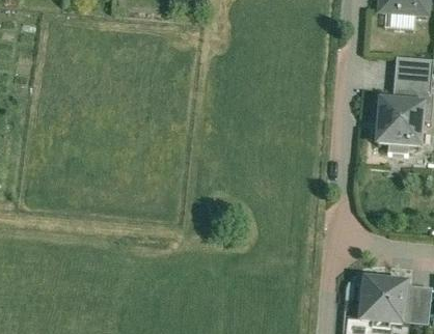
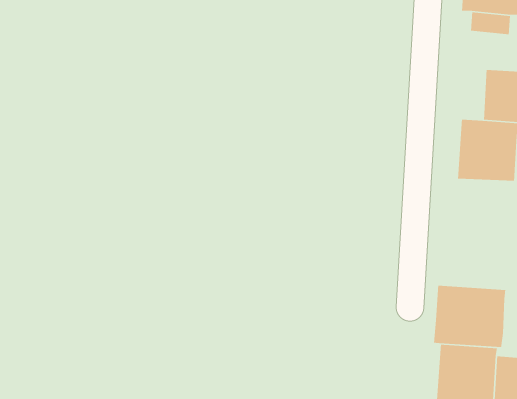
building: none -> [433,285,506,348]

